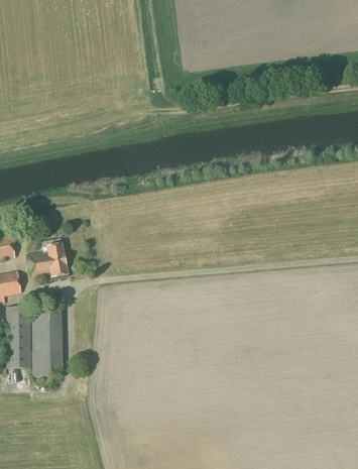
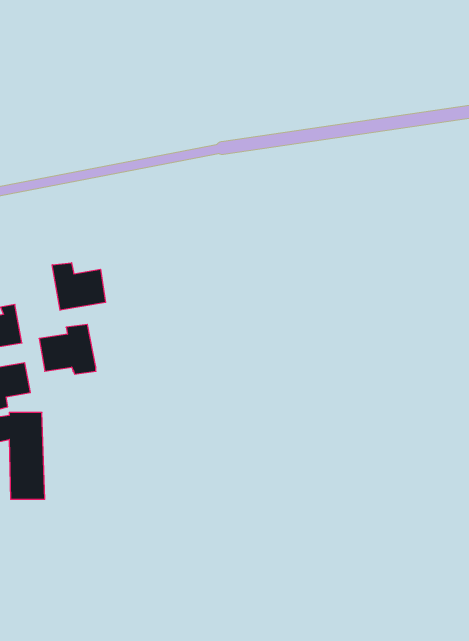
building: none -> [52,263,106,310]
building: [33,305,63,375] -> none

